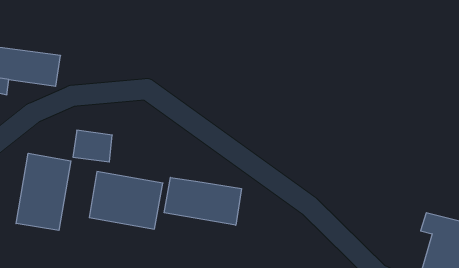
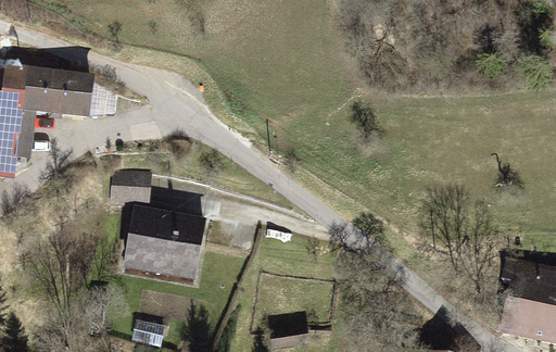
building: [16,153,71,230] -> none
building: [164,177,241,225] -> none

